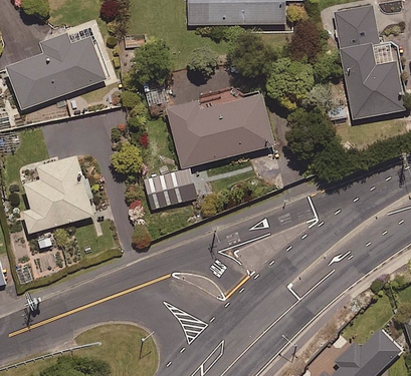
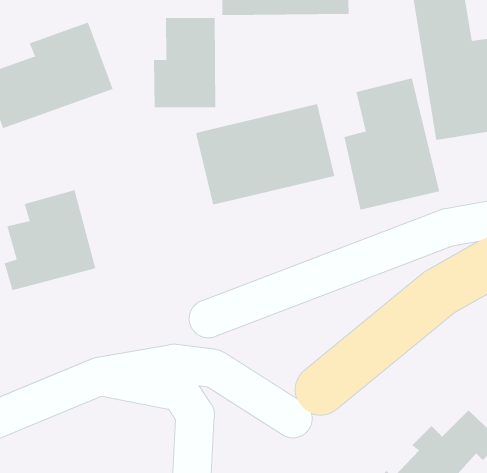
building: none -> [153,17,216,108]
building: none -> [344,78,440,211]
building: [144,167,197,210] -> none

